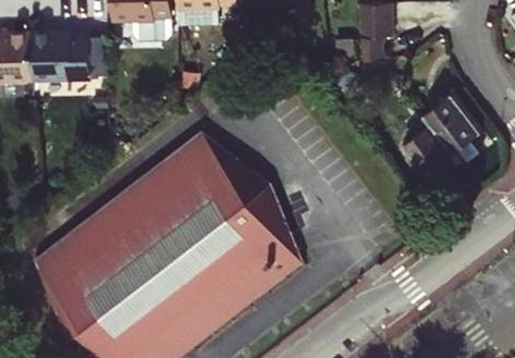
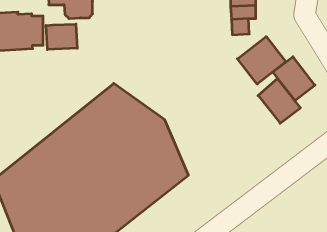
building: none -> [46,24,77,50]
building: none -> [237,37,286,84]

